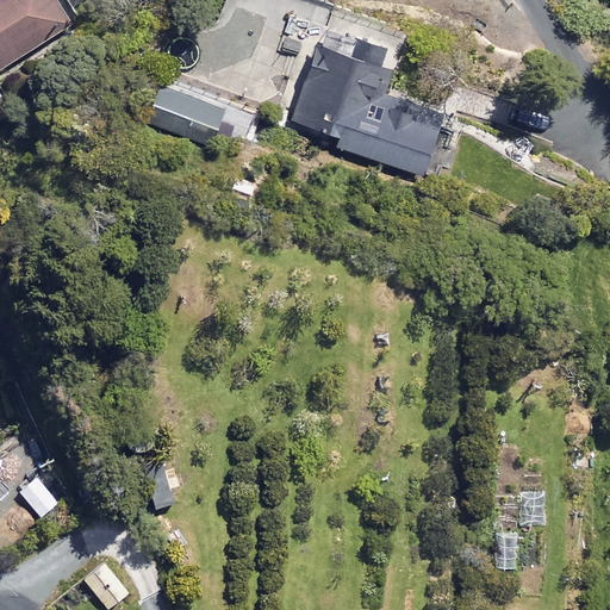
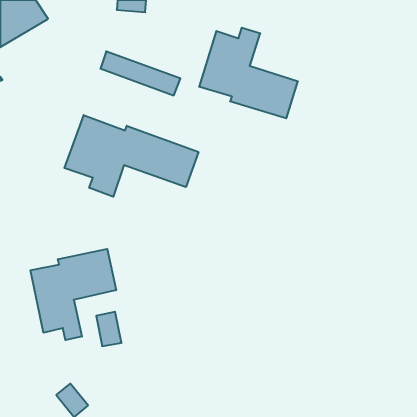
building: none -> [64,115,198,197]
building: none -> [30,249,116,340]

